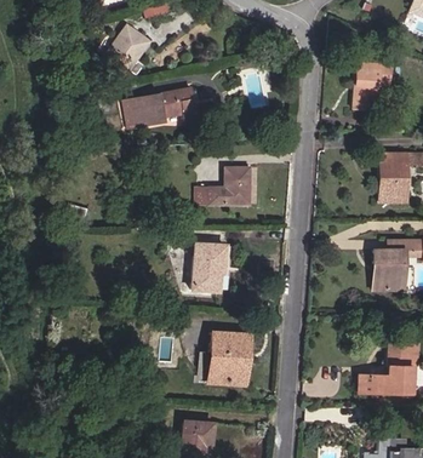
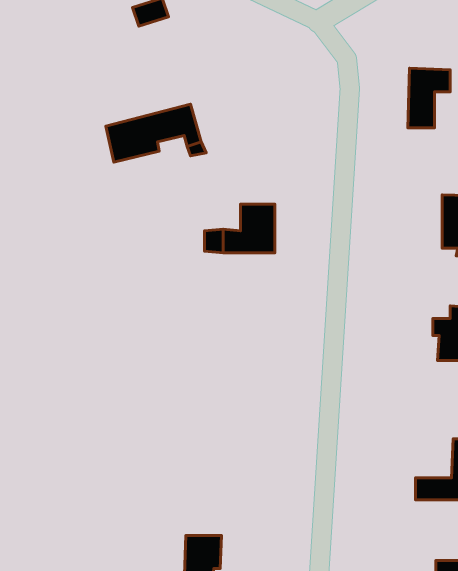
building: [102,25,149,73] -> none
building: [193,244,227,291] -> none
building: [210,330,250,380] -> none

